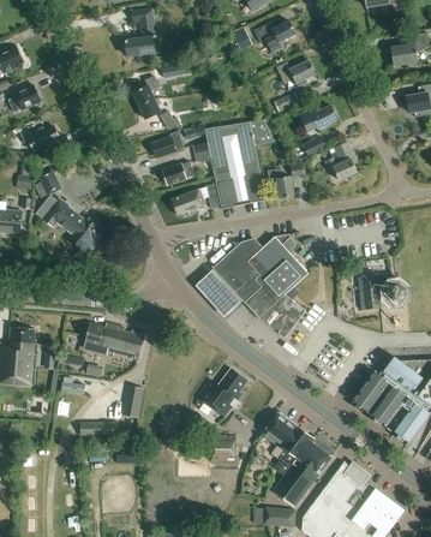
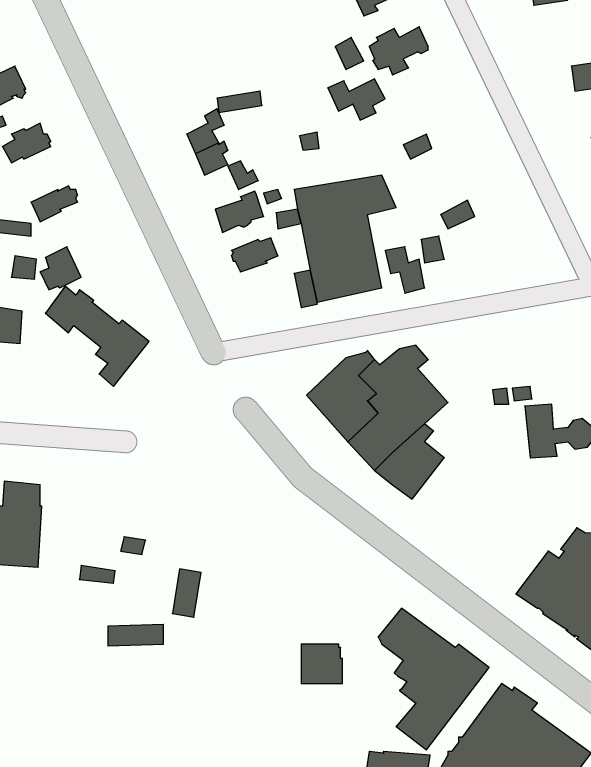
building: [125,8,156,56] -> none
building: [276,61,315,89] -> [328,79,385,120]
building: [299,106,336,132] -> none
building: [324,142,357,181] -> none
building: [170,189,204,216] -> none
building: [194,268,240,316] -> none
building: [83,322,144,359] -> none
building: [199,369,246,417] -> none

